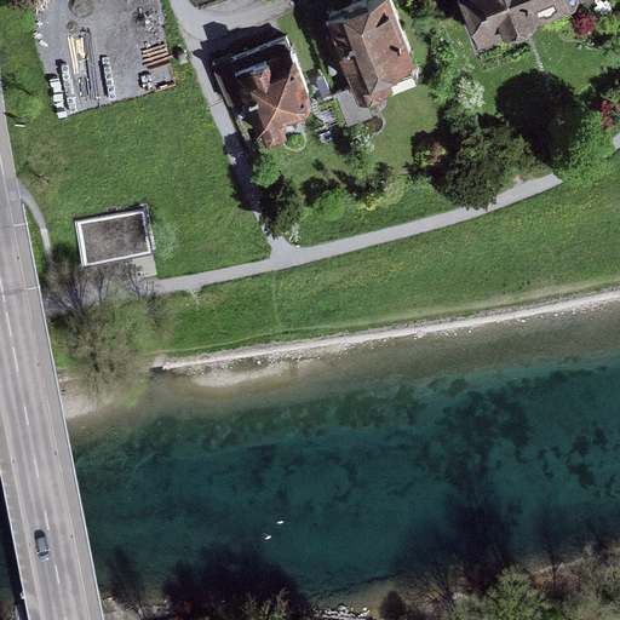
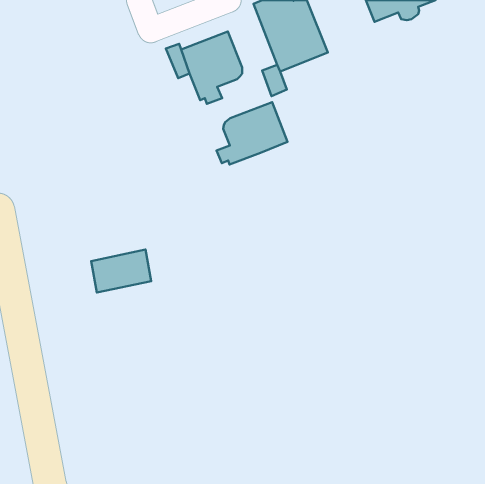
building: none -> [217,102,287,165]
building: [74,212,150,266] -> [91,250,151,293]

